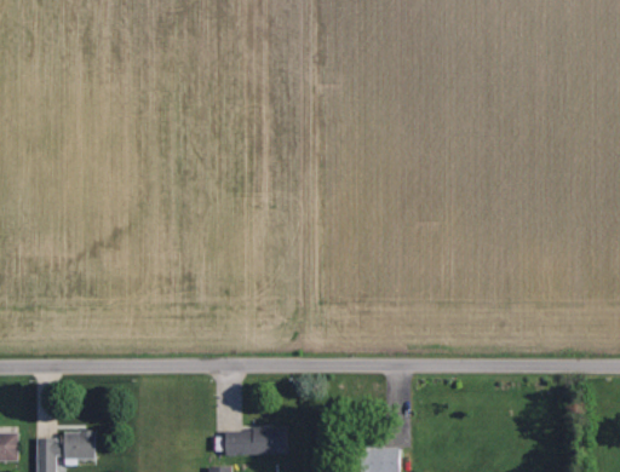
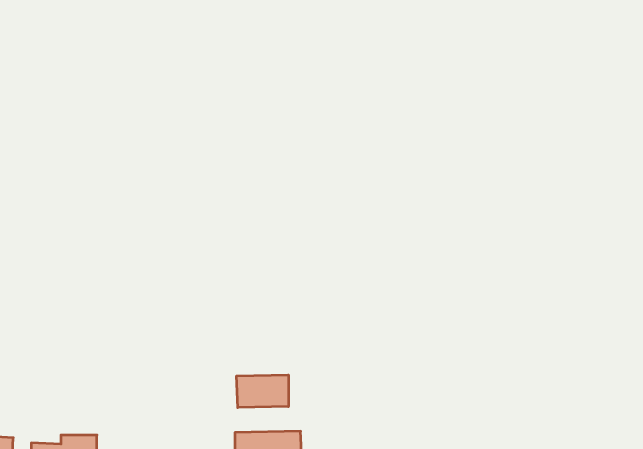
building: none -> [237,375,288,408]

